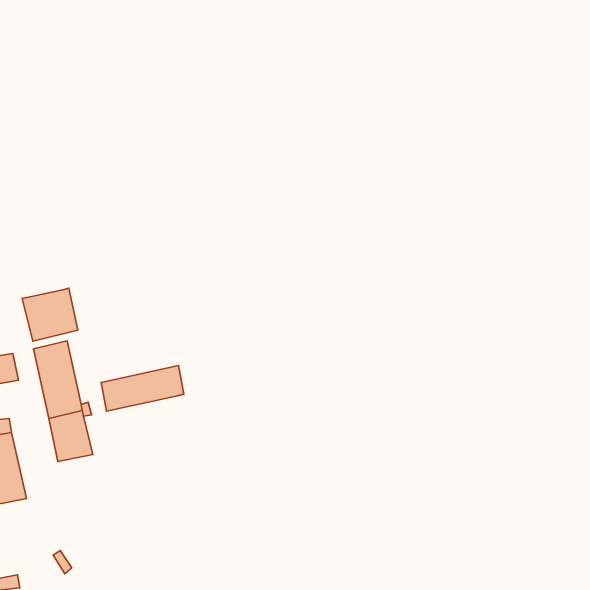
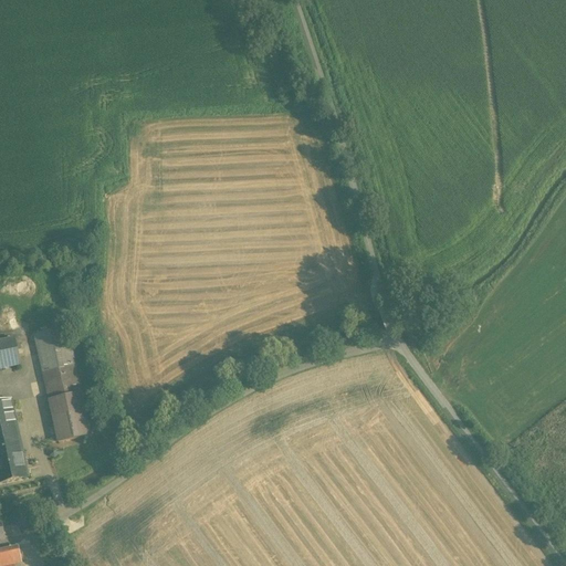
building: [22,288,78,341] -> none
building: [101,365,184,411] -> none

